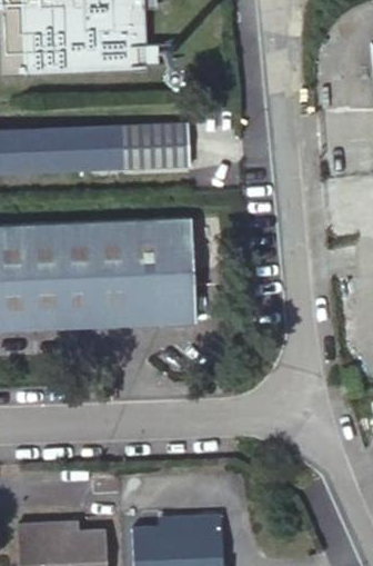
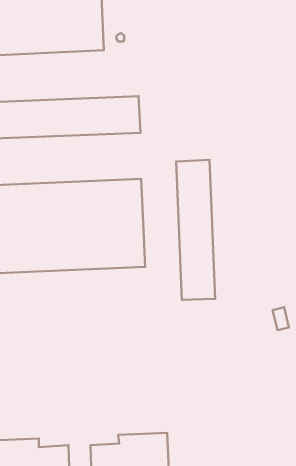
building: none -> [176,160,215,300]

